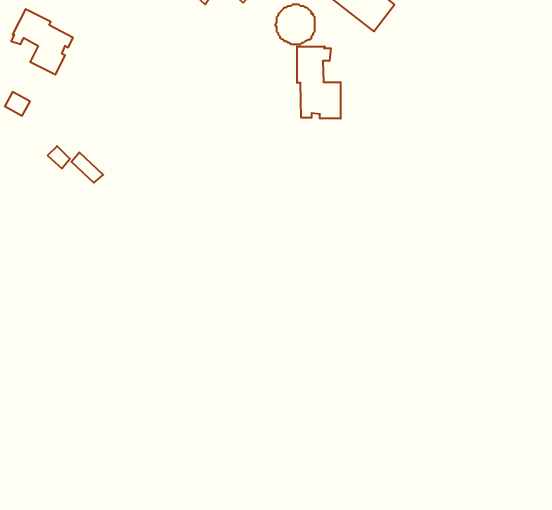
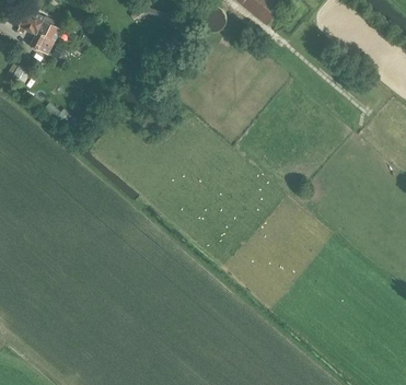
building: [297,46,341,119] -> none

